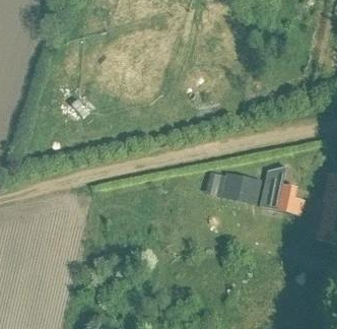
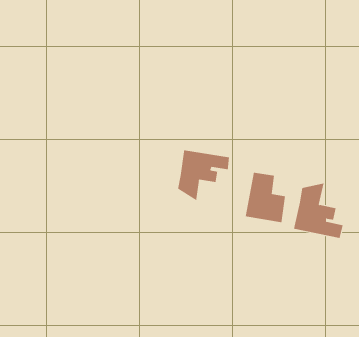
building: none -> [177,150,229,201]

